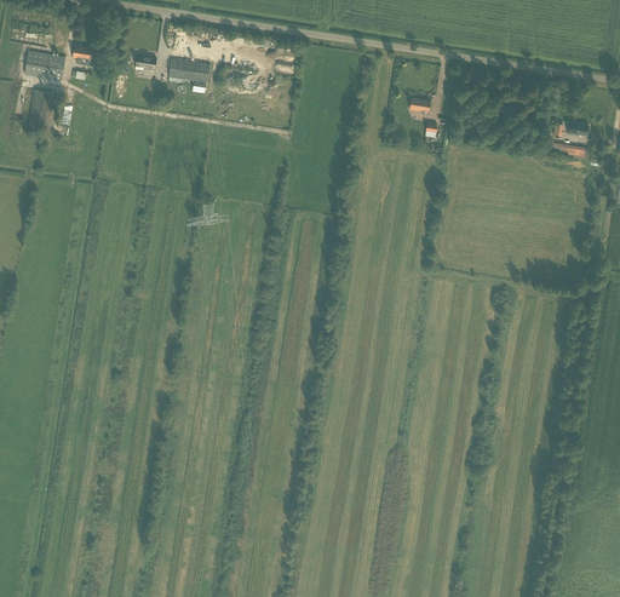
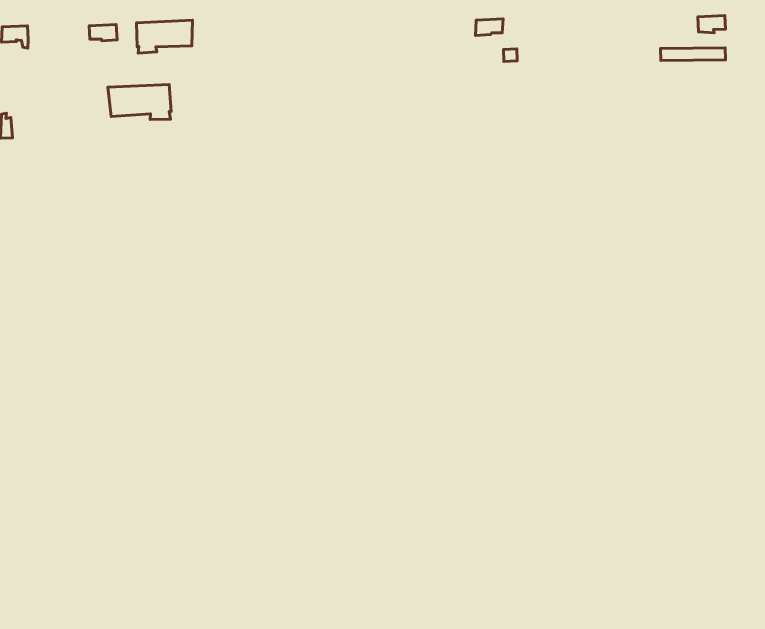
building: none -> [108,84,171,120]

